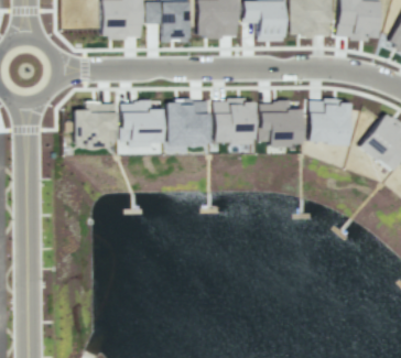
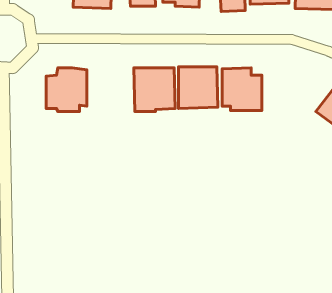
building: [308,100,351,145] -> none
building: [122,102,164,147] -> none

